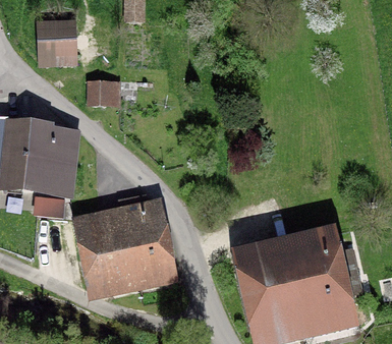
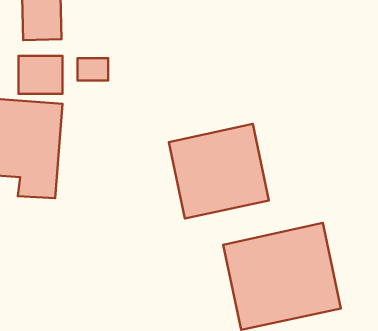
building: none -> [19,56,62,94]
building: [76,199,172,290] -> [169,124,269,218]

